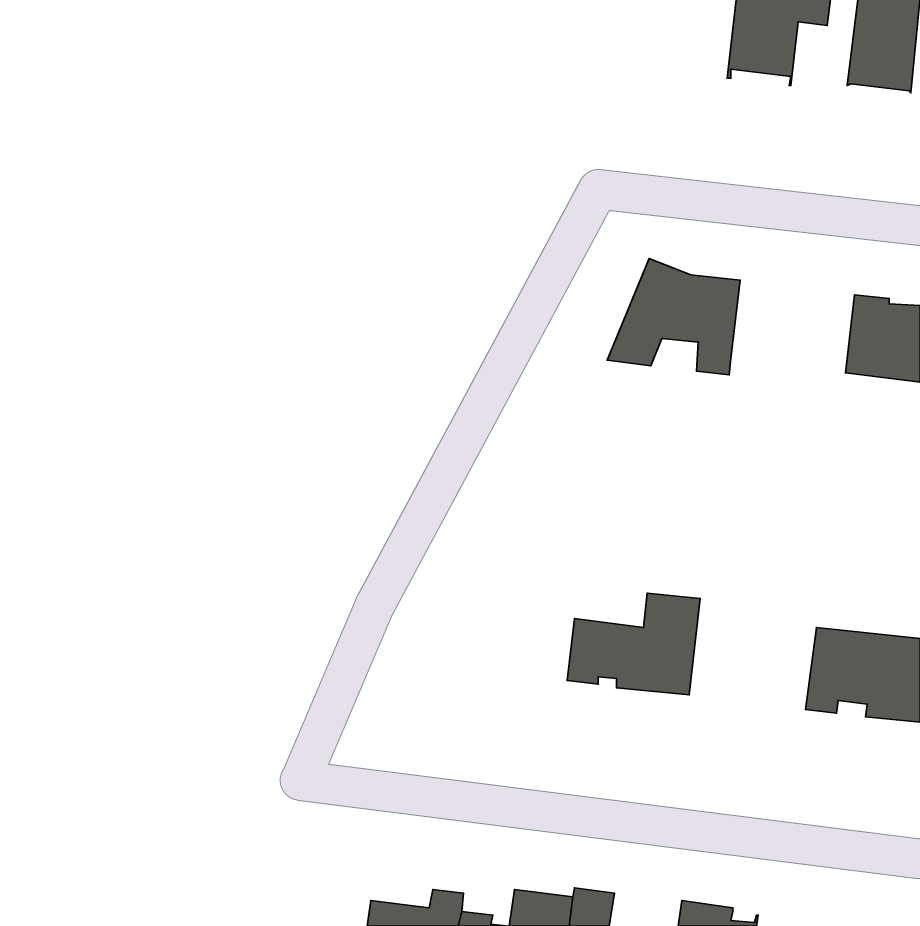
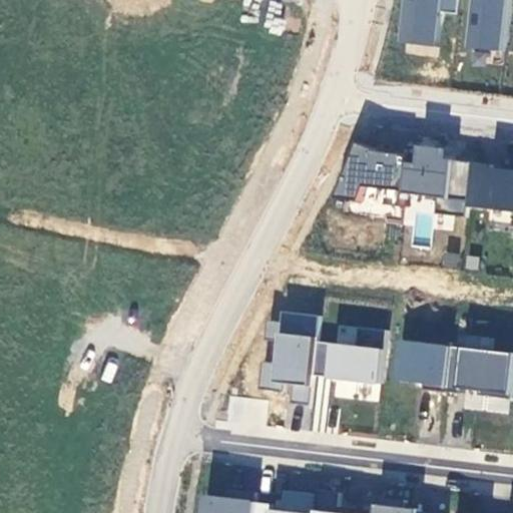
building: none -> [403,144,471,216]
building: none -> [259,311,320,405]
building: none -> [395,340,450,392]

